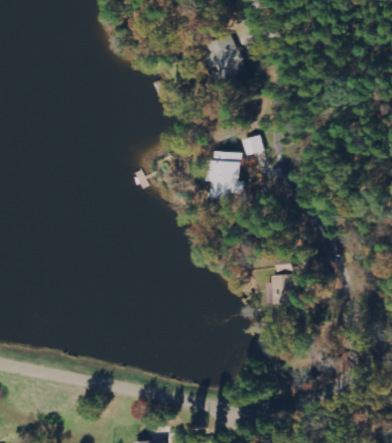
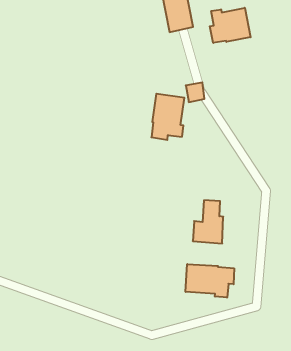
building: none -> [210,8,251,43]
building: none -> [186,264,234,298]

